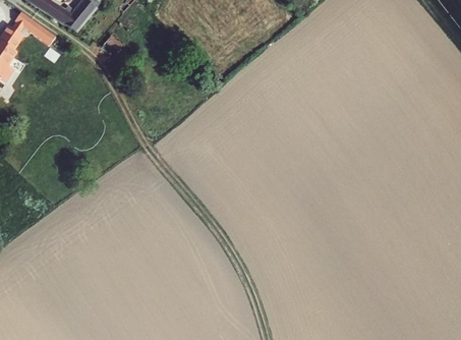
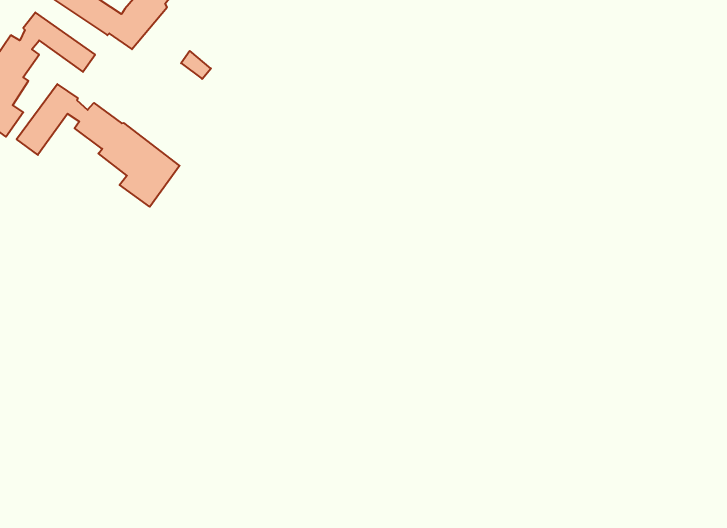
building: none -> [17,84,180,207]

